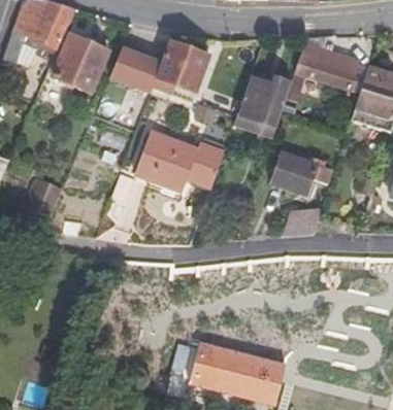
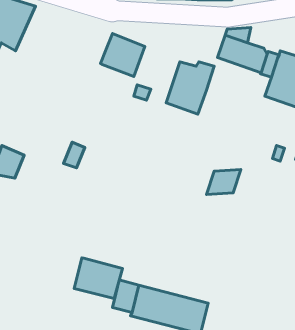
building: [54,35,108,91] -> none
building: [108,47,161,93] -> none
building: [135,131,224,191] -> none
building: [271,150,332,195] -> none
building: none -> [74,258,122,299]

